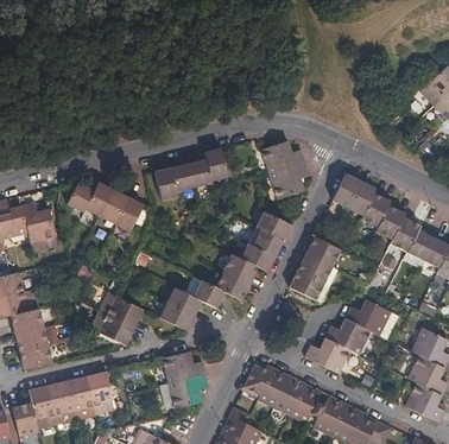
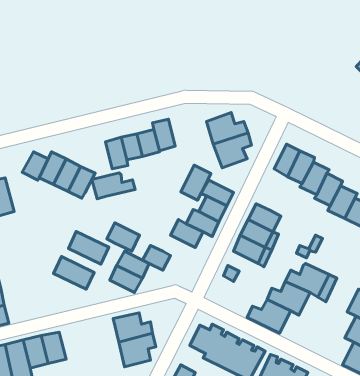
building: none -> [181,165,211,200]
building: none -> [92,173,135,199]
building: [215,269,249,299] -> [107,223,140,251]
building: [91,310,134,344] -> [68,231,109,264]

